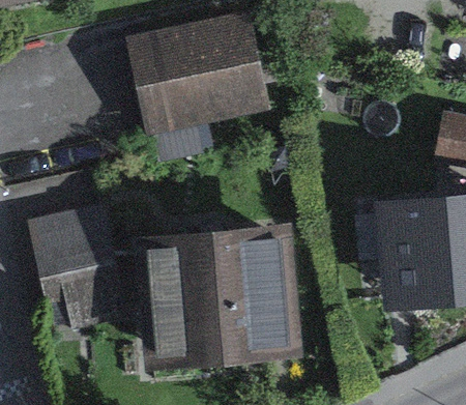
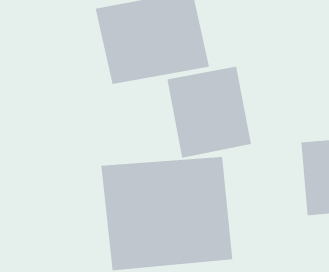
building: none -> [167,66,251,158]
building: [26,201,128,330] -> none

